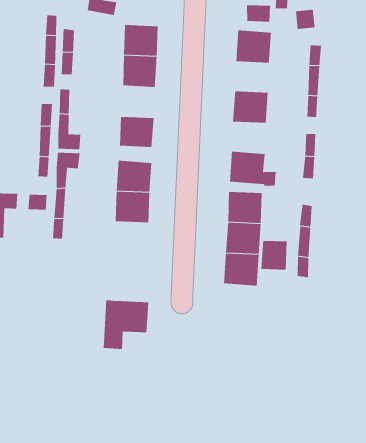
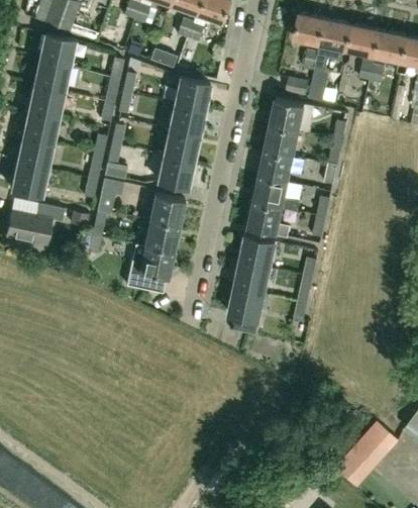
building: none -> [266,124,300,156]
building: none -> [164,129,198,162]
building: none -> [254,176,301,211]
building: [261,240,287,271] -> none
building: [103,300,149,350] -> [127,243,174,289]

